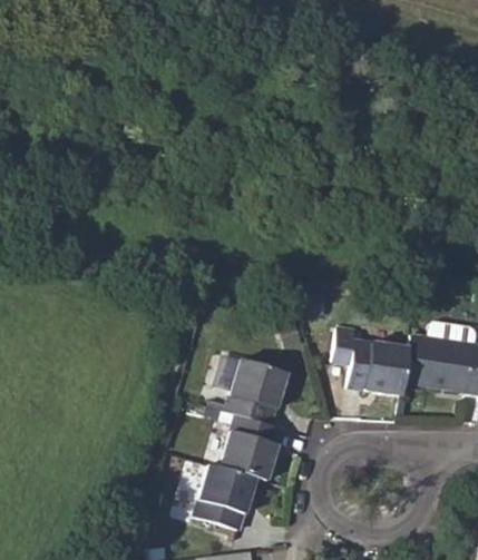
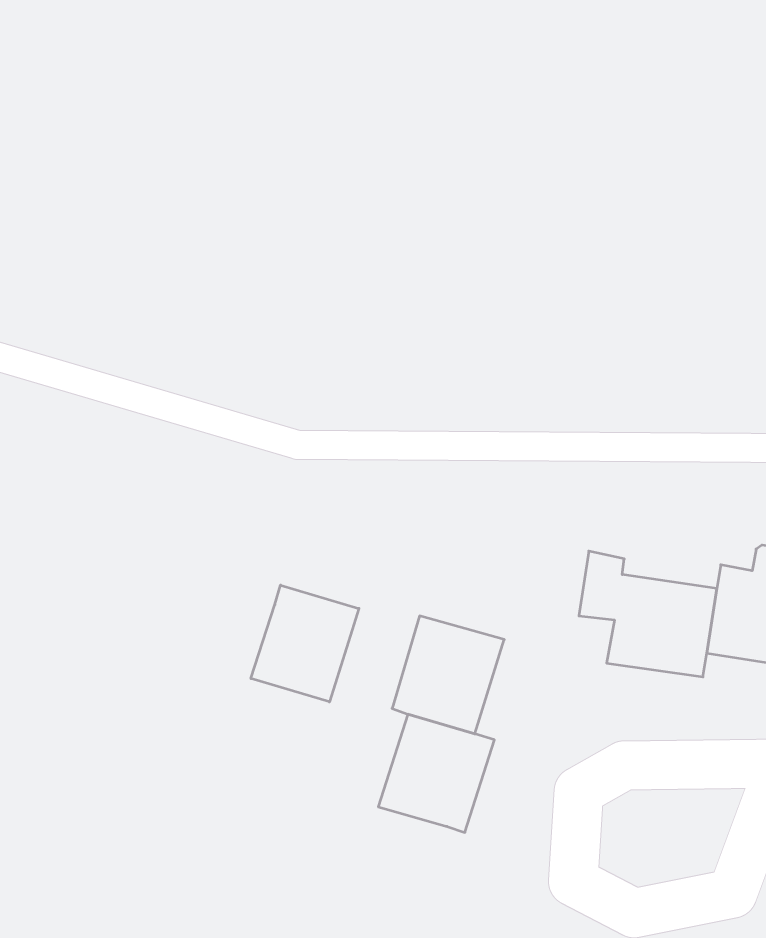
building: none -> [251,585,359,702]
building: [193,465,256,531] -> none

